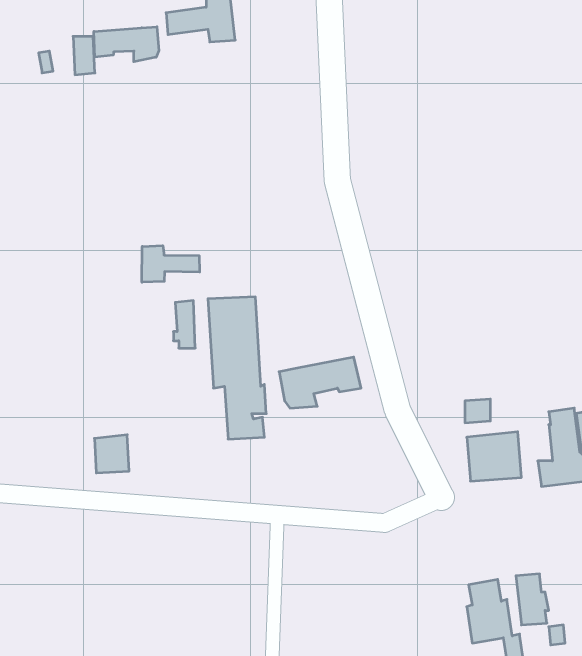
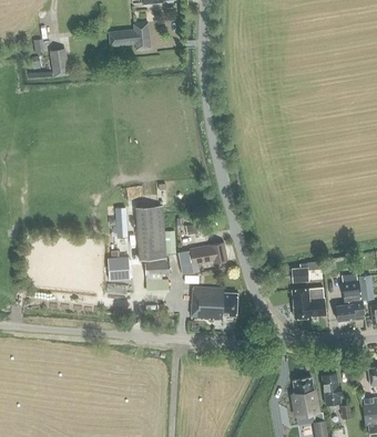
building: [94,27,159,62] -> none
building: [142,246,200,282] -> none
building: none -> [191,288,236,321]
building: [94,435,129,473] -> [109,258,130,281]

